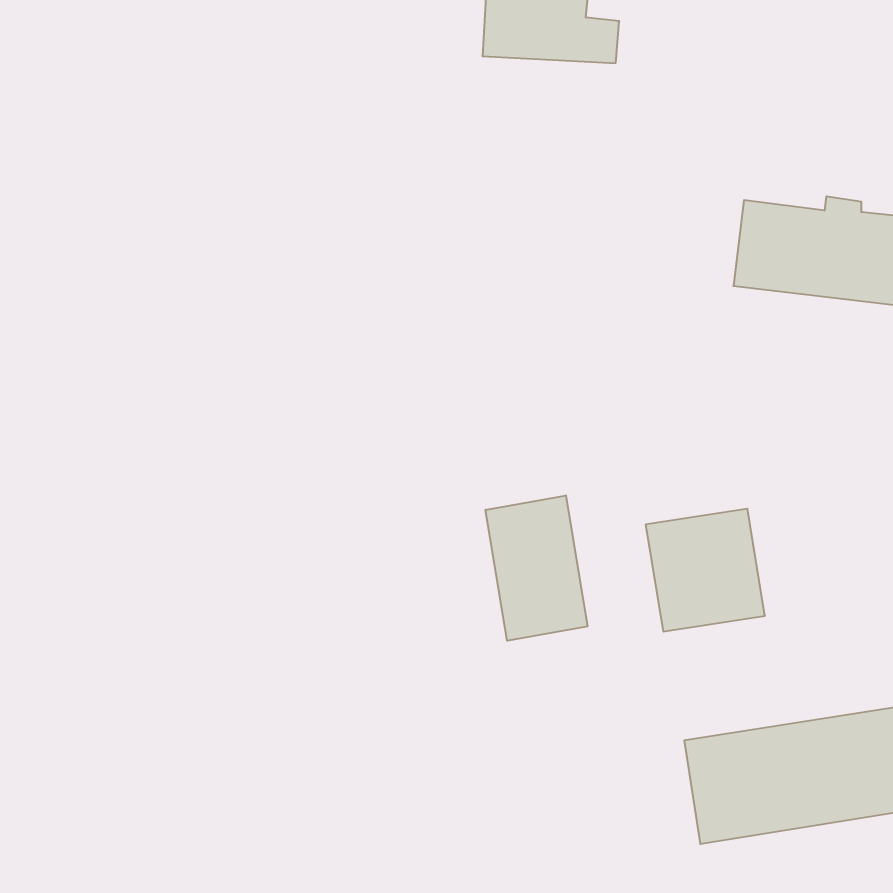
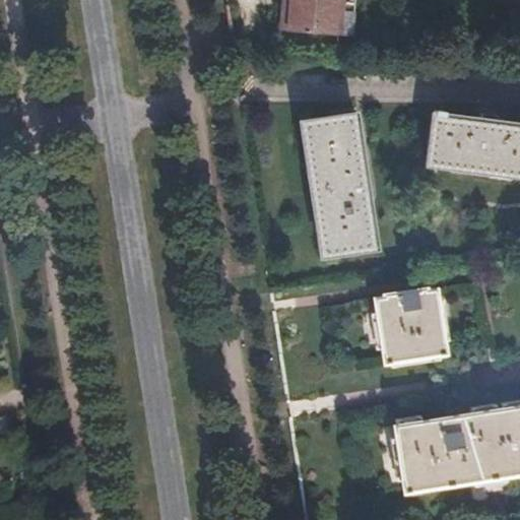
building: none -> [306,110,374,252]
building: [486,495,587,641] -> none

